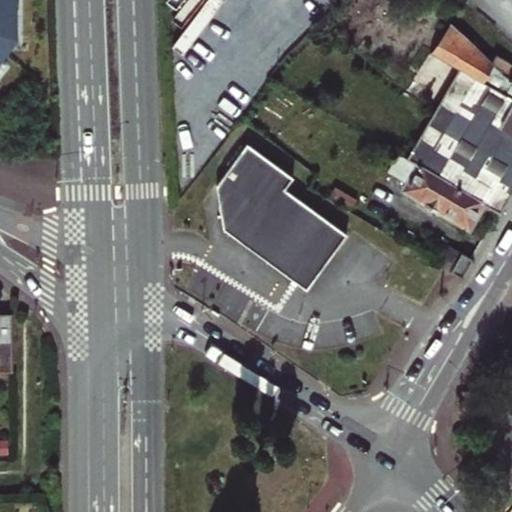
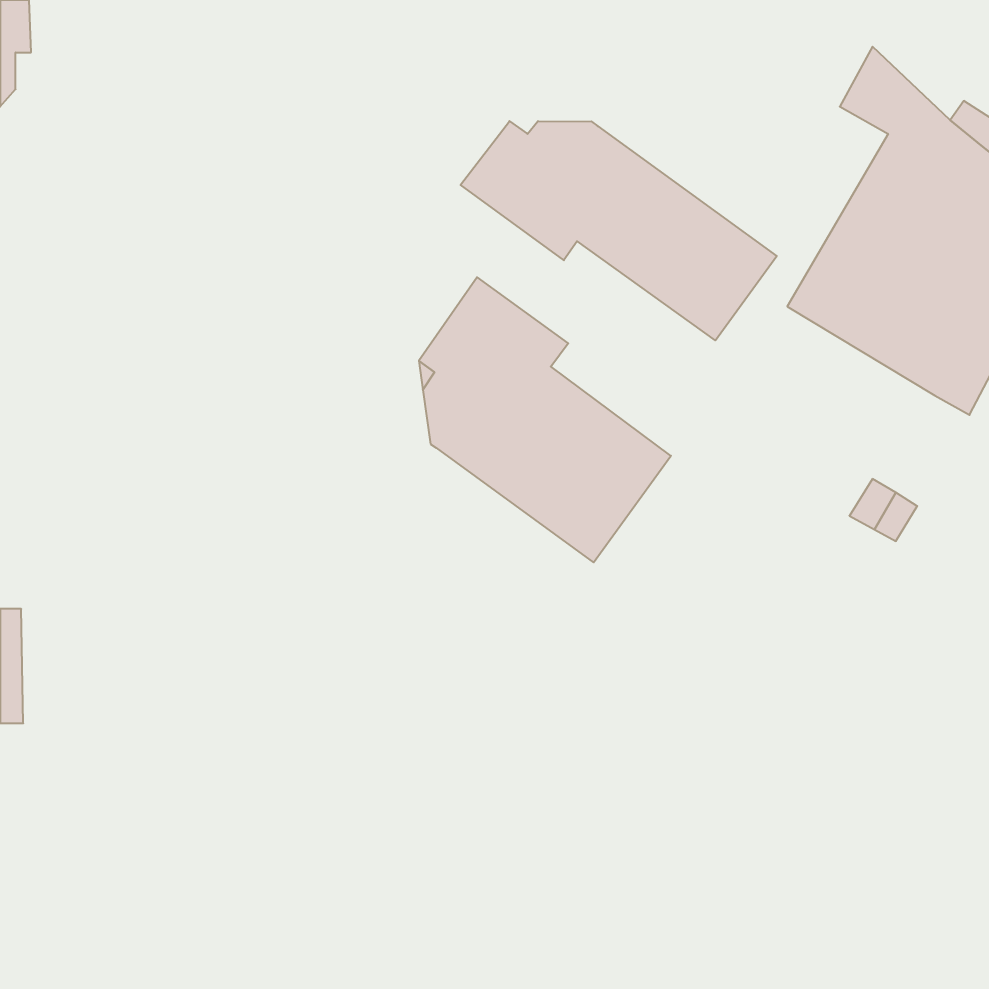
building: none -> [461,121,777,340]
building: [389,155,483,229] -> none

